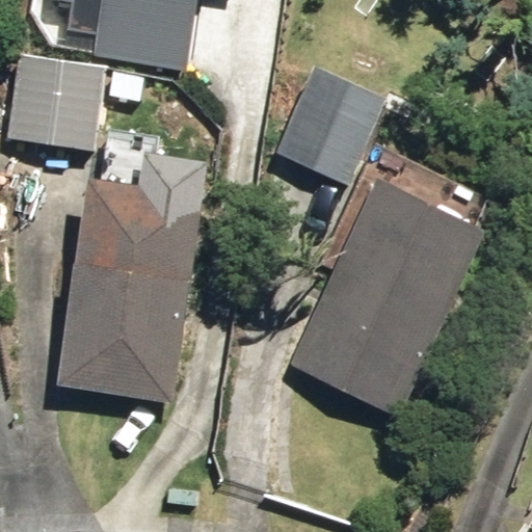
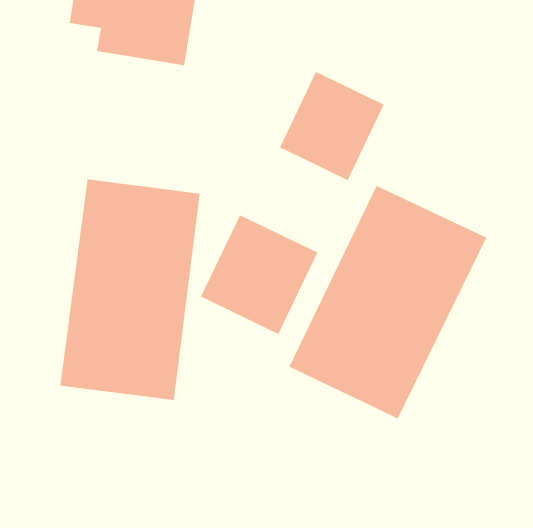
building: [10,55,104,152] -> none
building: none -> [200,214,318,335]

